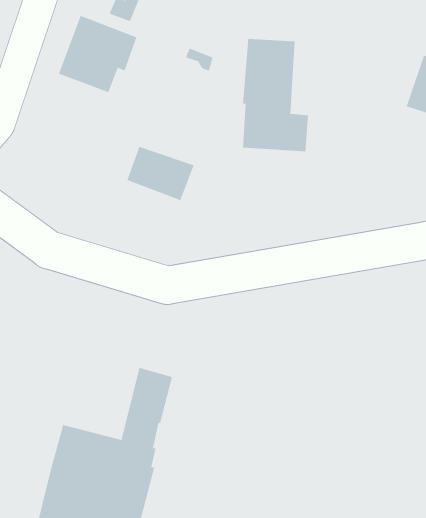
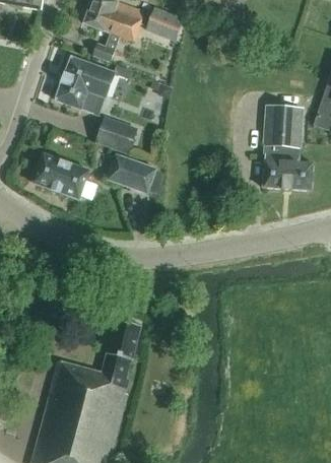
building: [242,39,309,152] -> [262,106,312,190]
building: none -> [95,117,136,152]
building: none -> [32,153,96,199]

